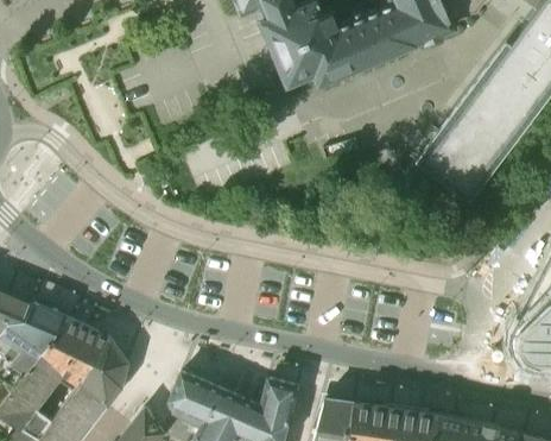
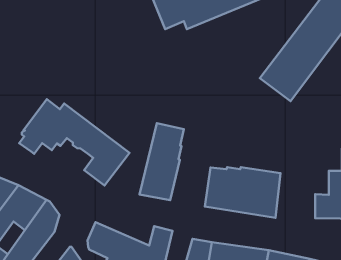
building: none -> [19,99,130,185]
building: none -> [139,123,184,200]
building: none -> [205,167,281,218]

